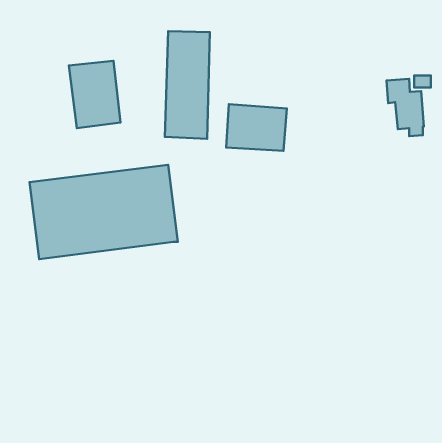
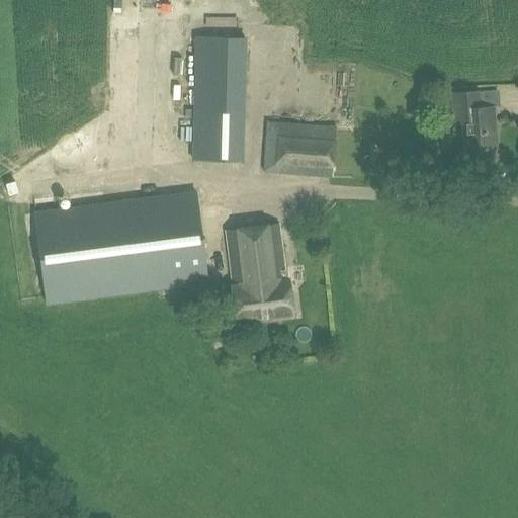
building: [69,61,120,128] -> none
building: none -> [225,227,290,322]

